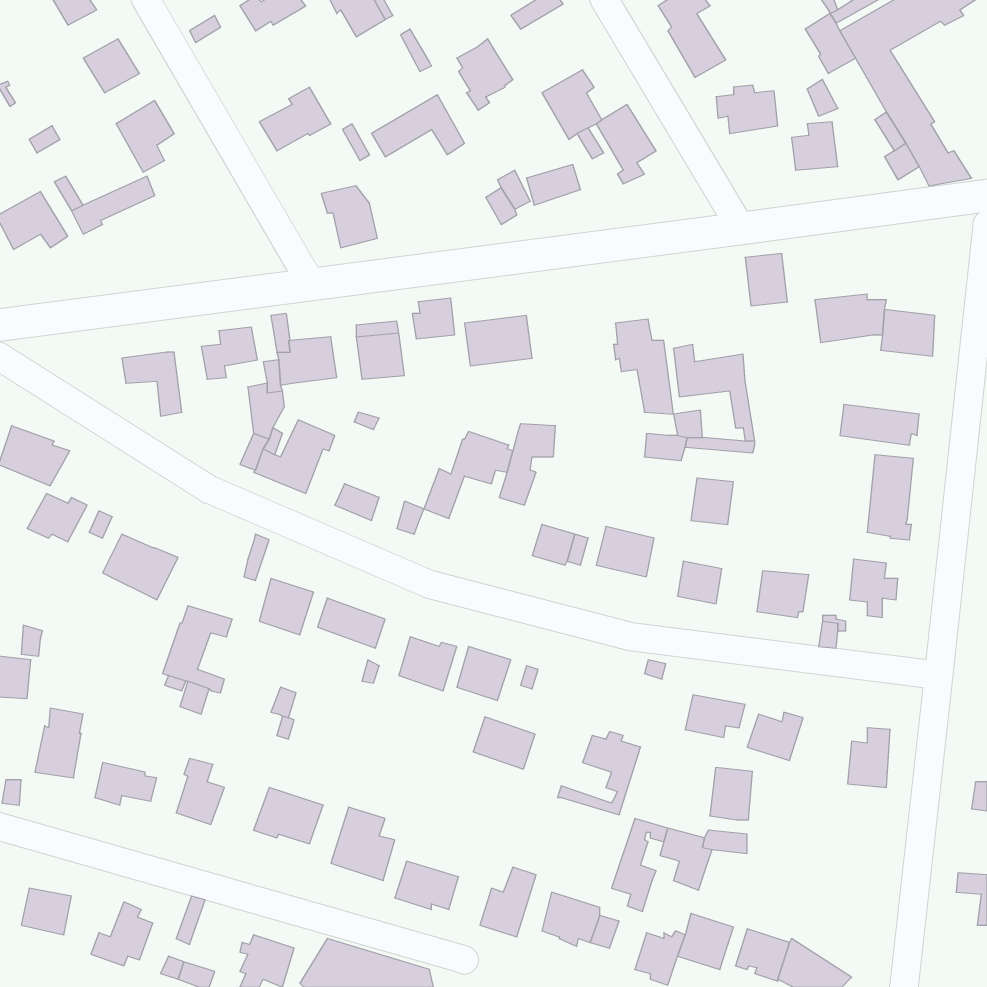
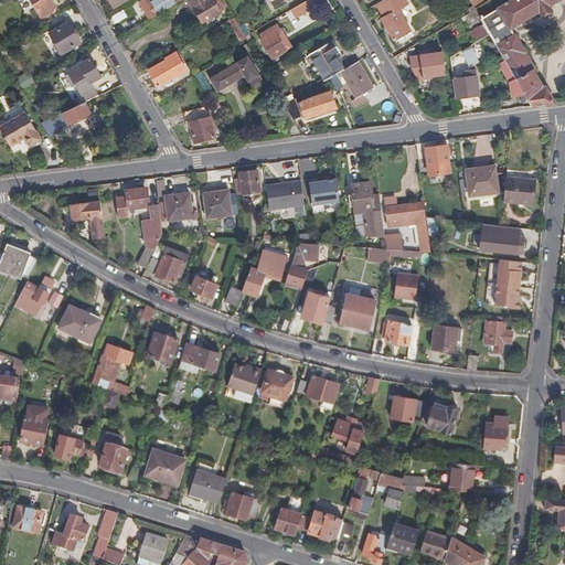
building: none -> [308,178,339,204]
building: [473,717,535,769] -> [306,374,341,404]
building: [710,768,752,820] -> [449,461,473,491]

